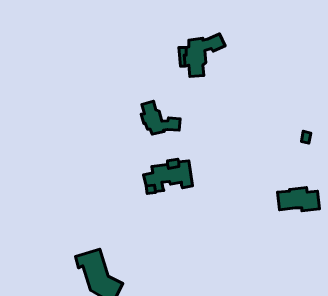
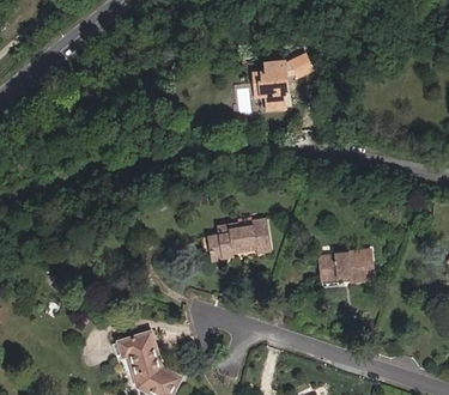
building: [141,101,180,134] -> none
building: [278,188,319,211] -> [318,250,372,280]

